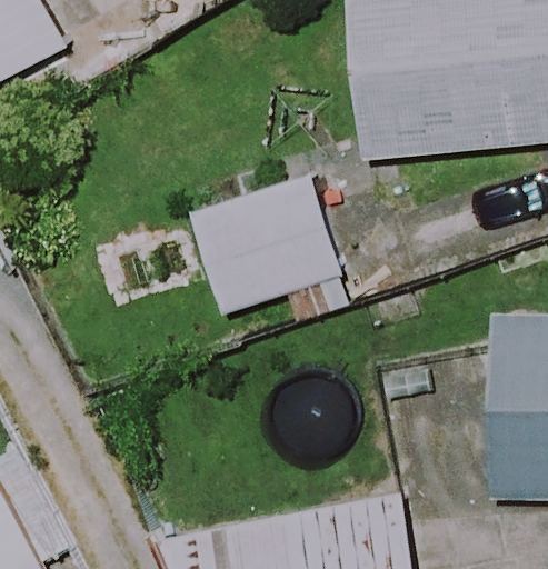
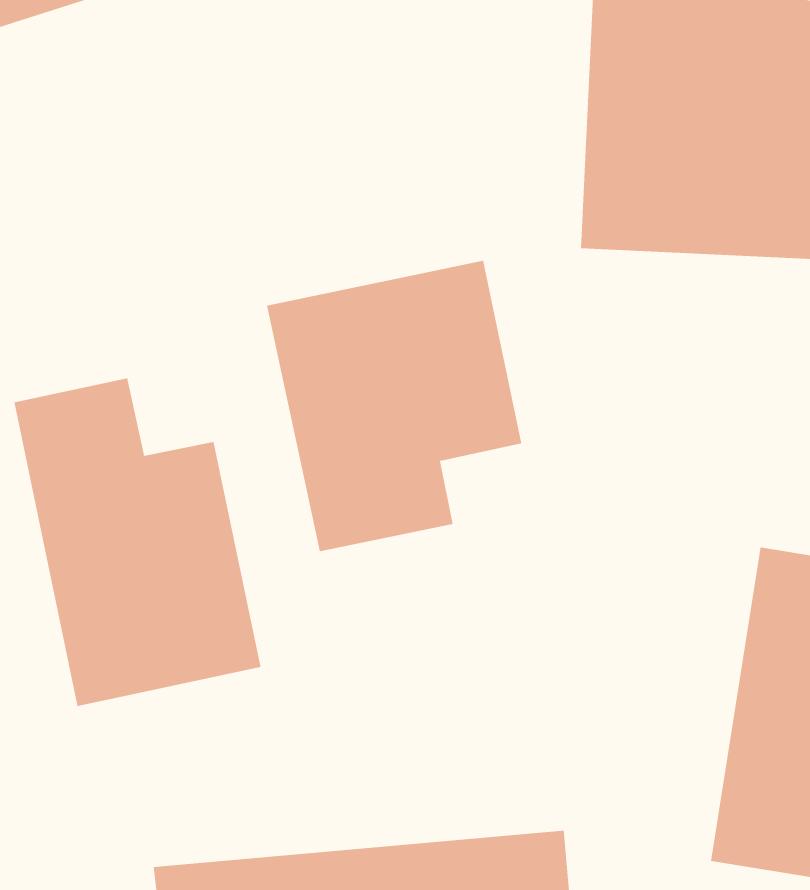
building: none -> [14,377,261,707]

